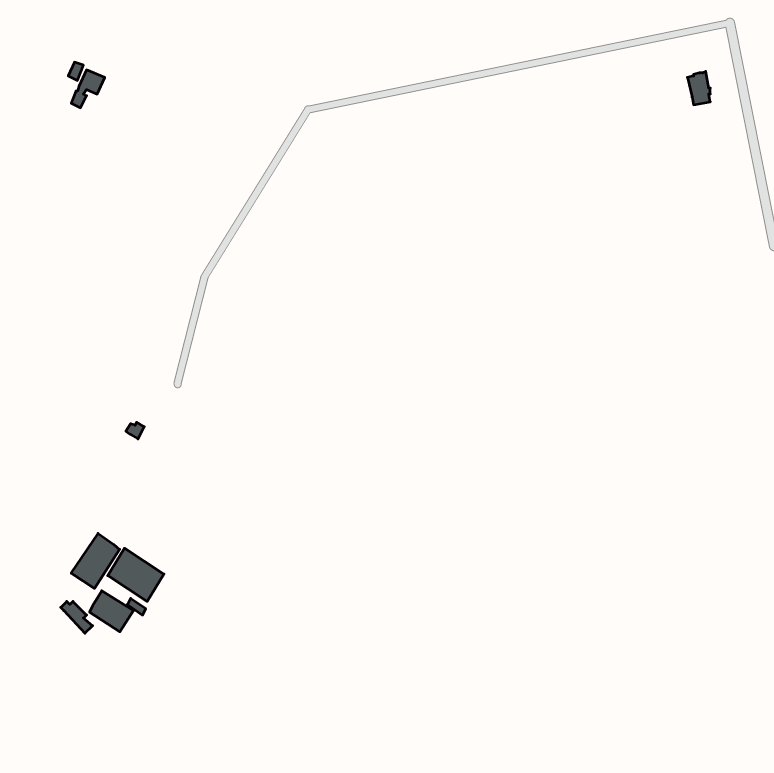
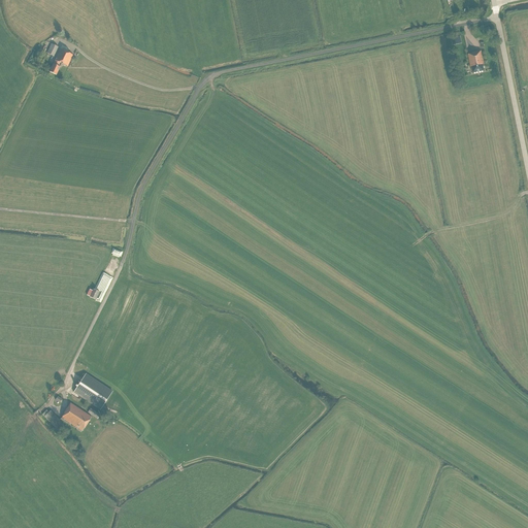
building: [71,533,120,588] -> none

